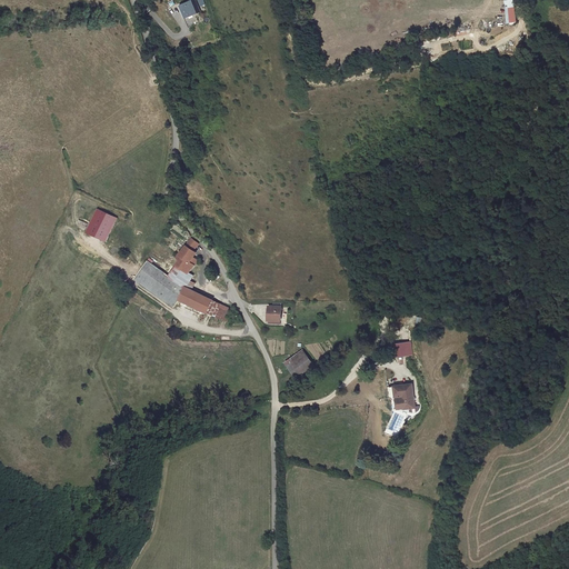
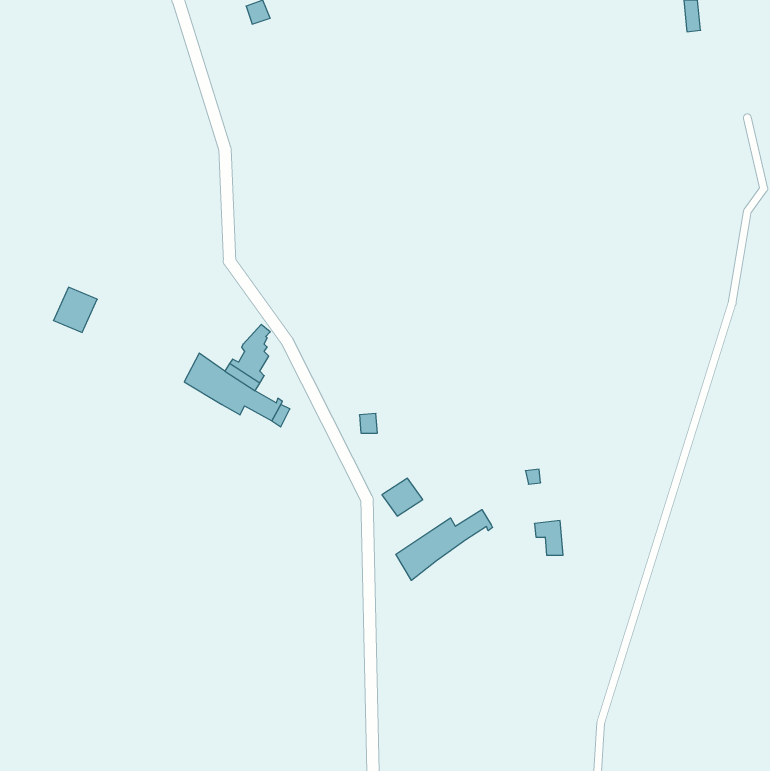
building: [86,208,118,241] -> [53,287,97,332]
building: none -> [396,510,493,580]

